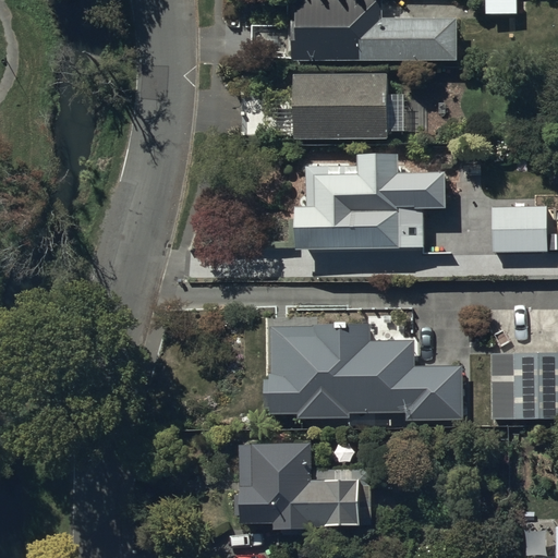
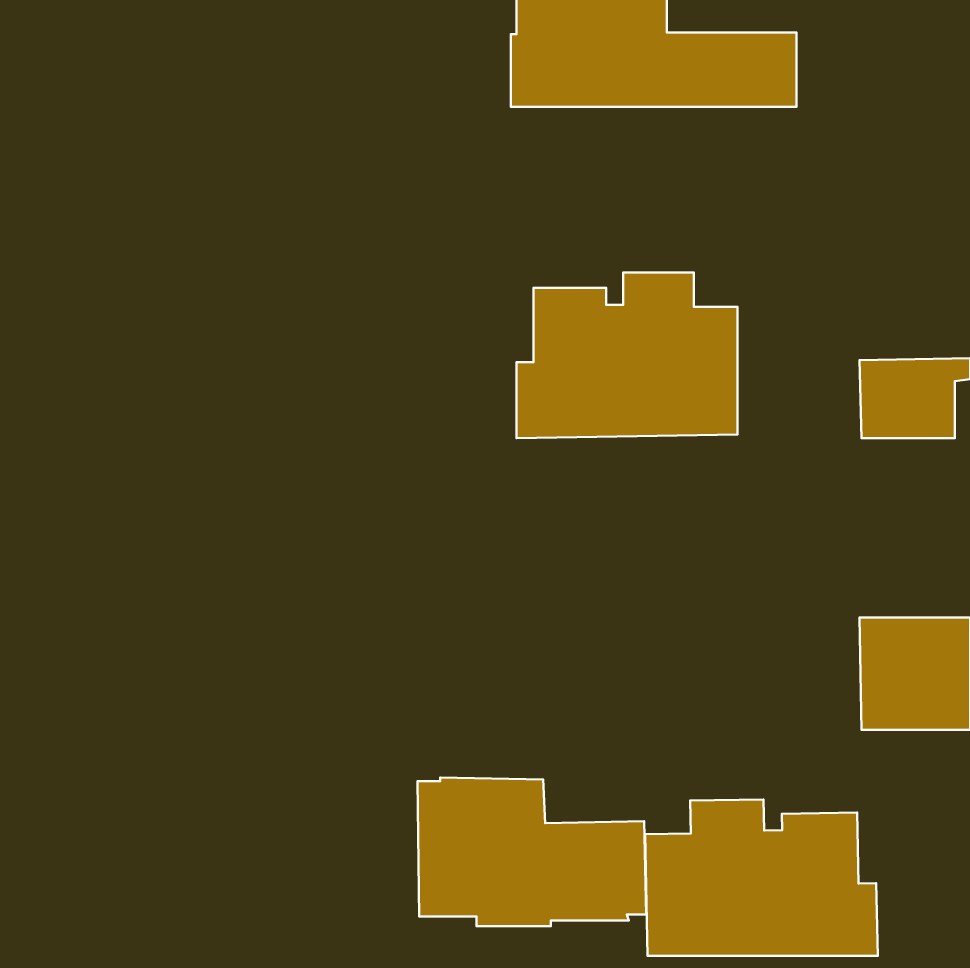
building: [292,74,400,140] -> none
building: [264,315,462,418] -> none
building: none -> [645,799,878,956]

